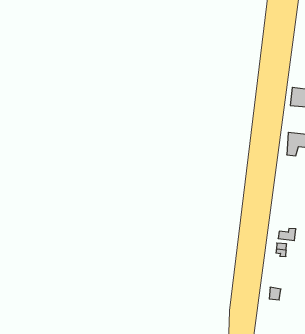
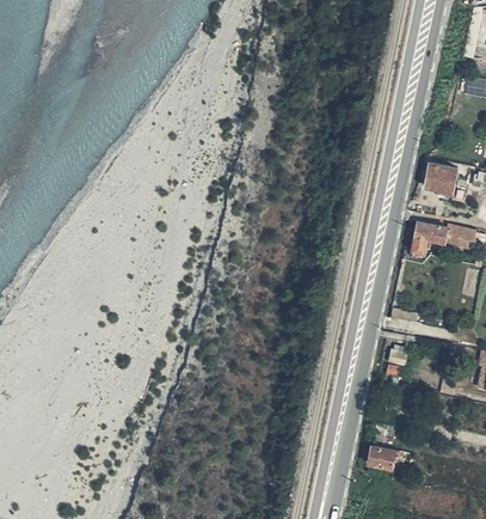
building: none -> [369,447,402,472]

